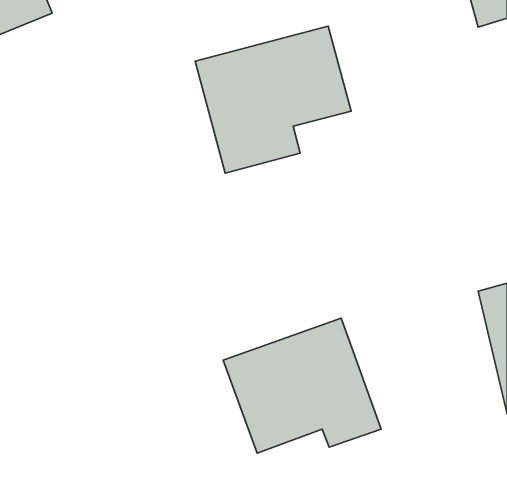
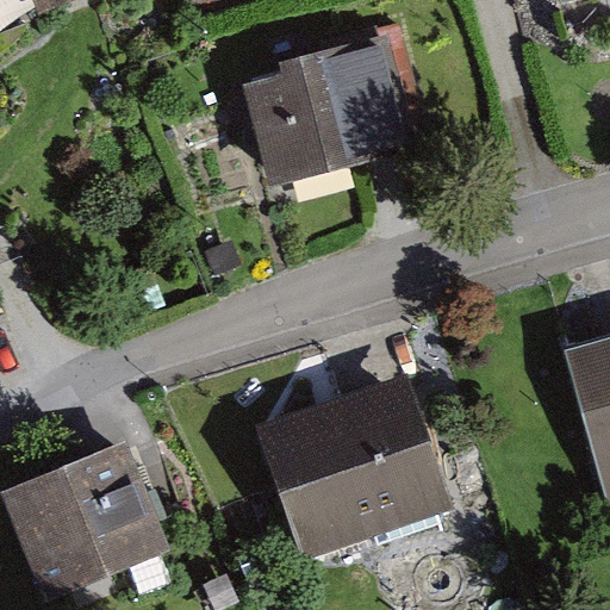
building: none -> [15,446,163,585]

